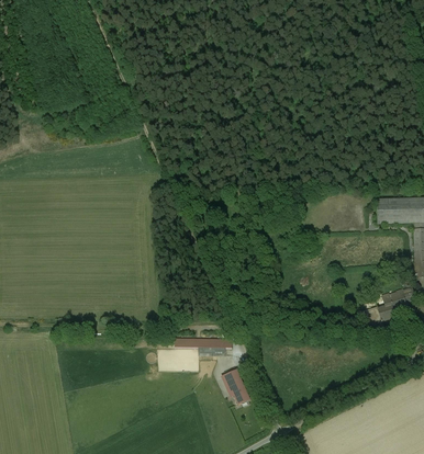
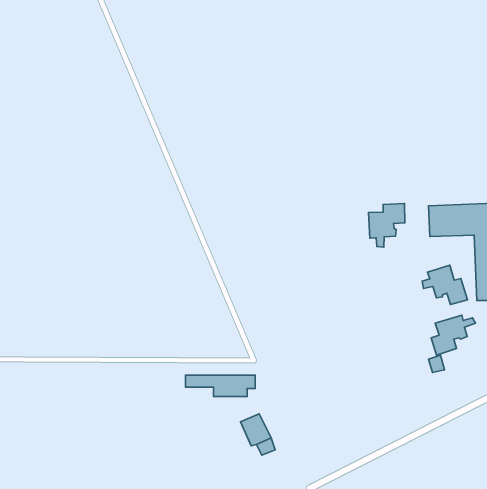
building: none -> [368,203,405,247]
building: none -> [422,265,468,304]

